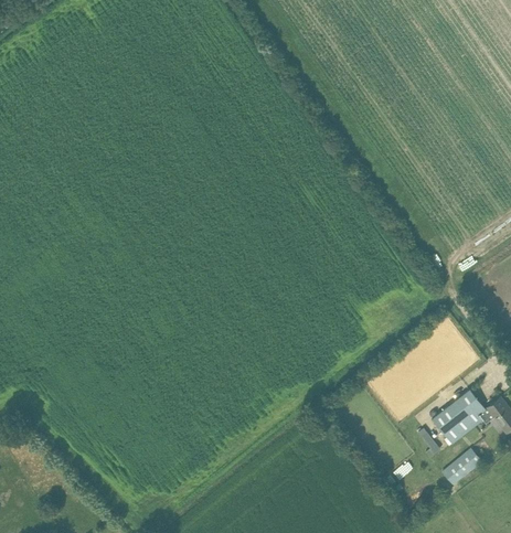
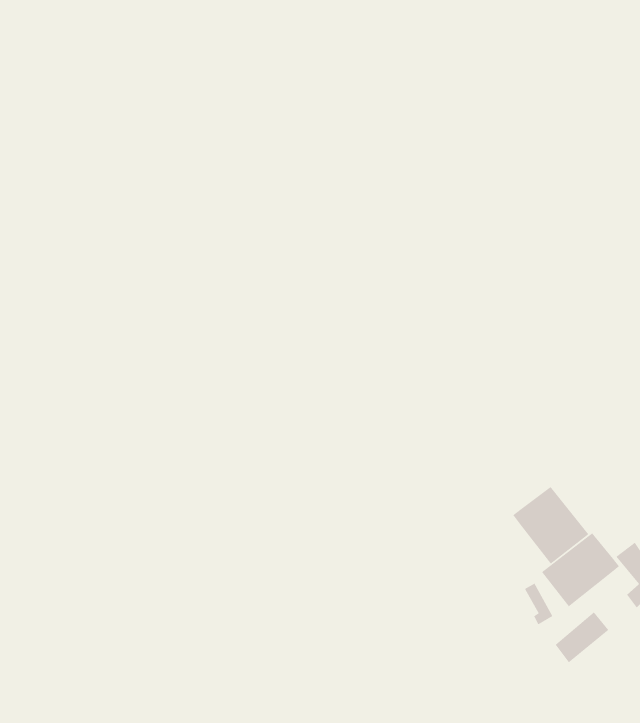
building: none -> [513,486,589,565]

